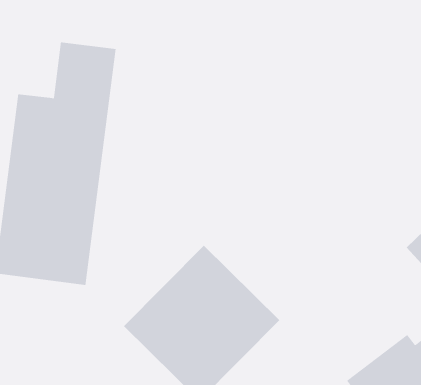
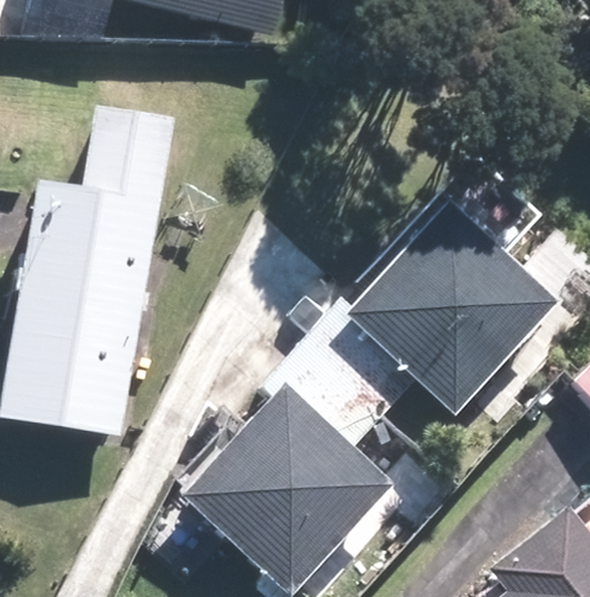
building: none -> [342,196,560,414]

